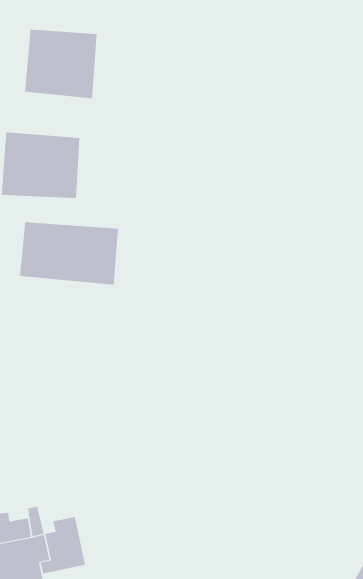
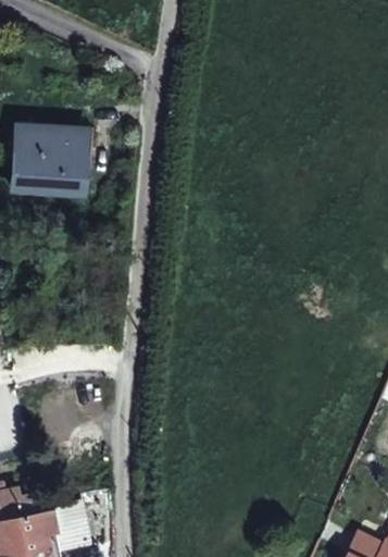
building: [25,29,97,99] -> none
building: [20,222,118,285] -> none

